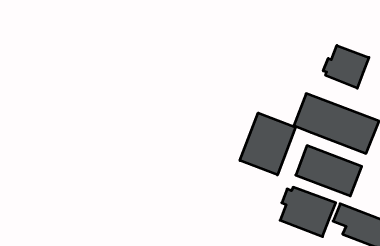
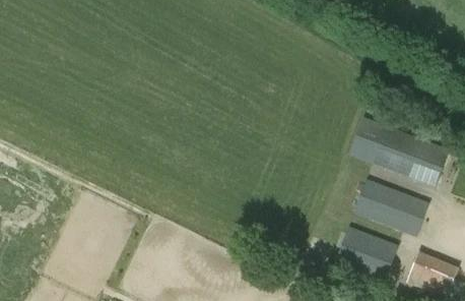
building: [323,45,369,88] -> none
building: [240,113,296,175] -> none

